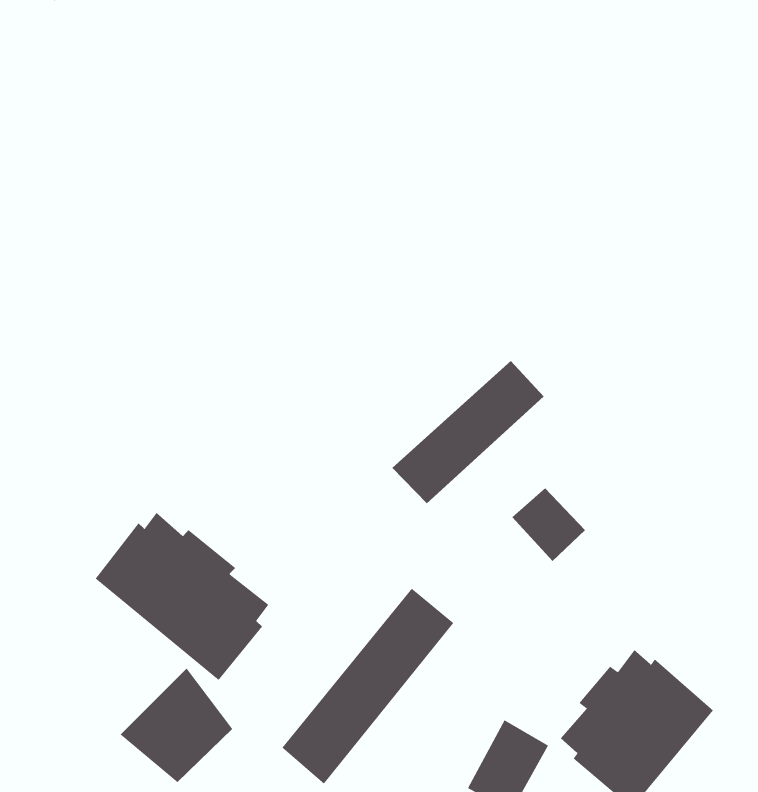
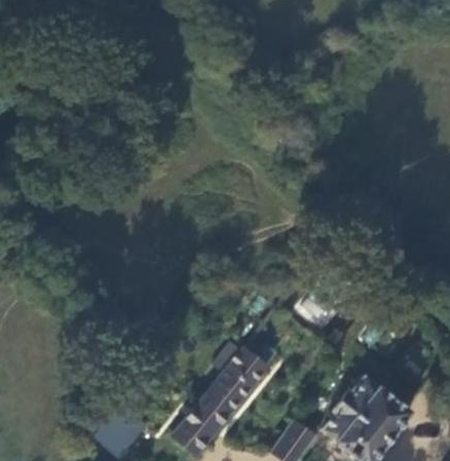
building: [392,360,544,504] -> none
building: [95,512,269,681] -> none

